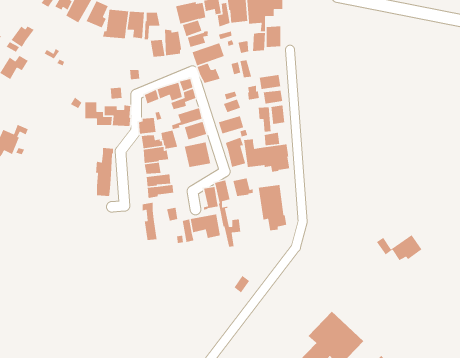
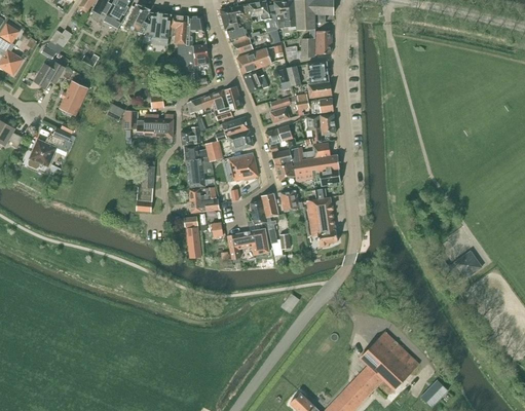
building: [164,29,182,56] -> [177,44,195,73]
building: none -> [307,62,328,84]
building: none -> [60,82,86,115]

